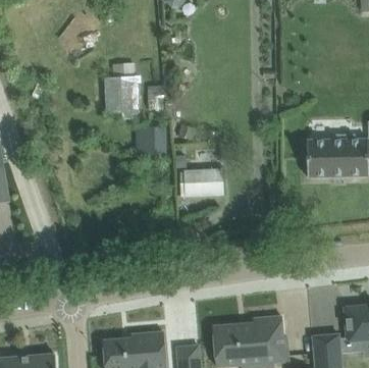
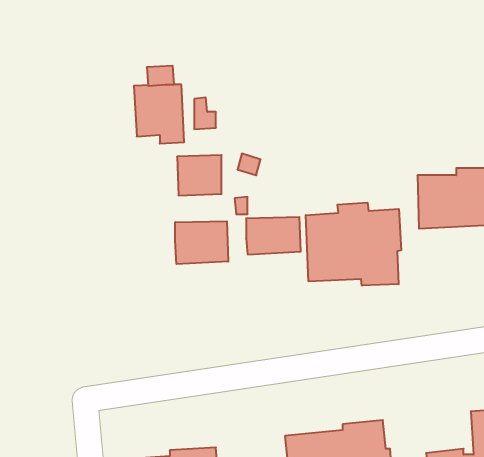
building: none -> [306,203,401,286]
building: none -> [175,221,228,264]

